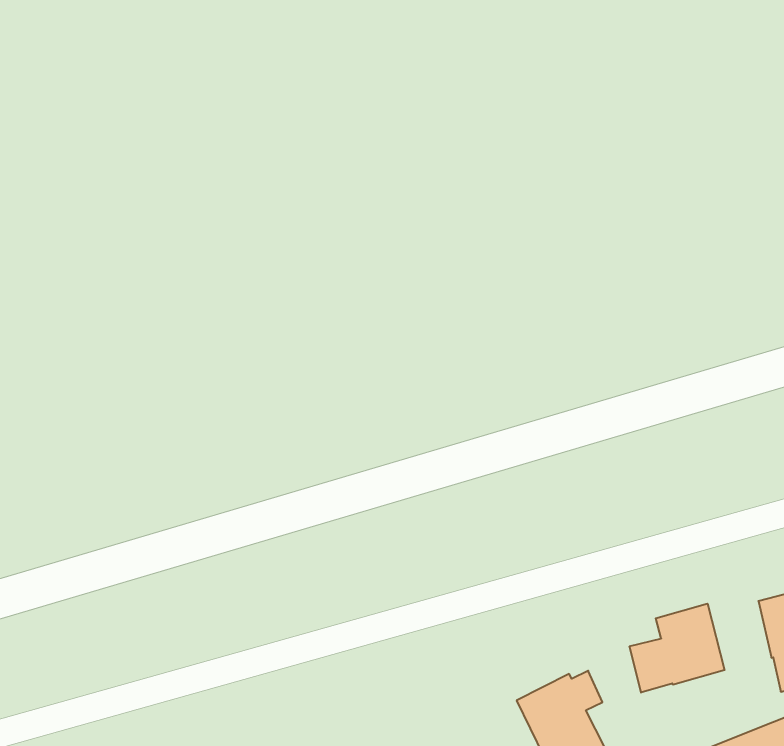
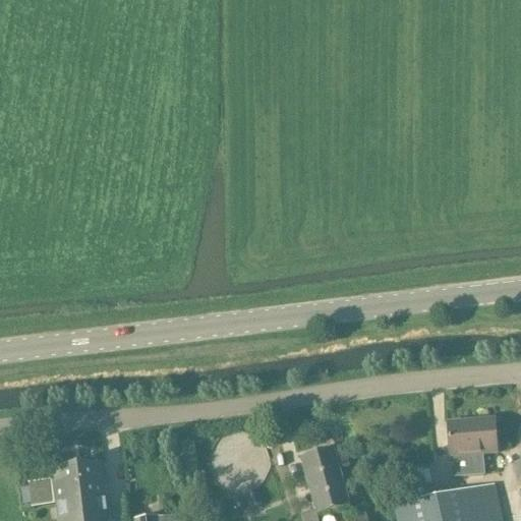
building: [630,604,725,693] -> none

